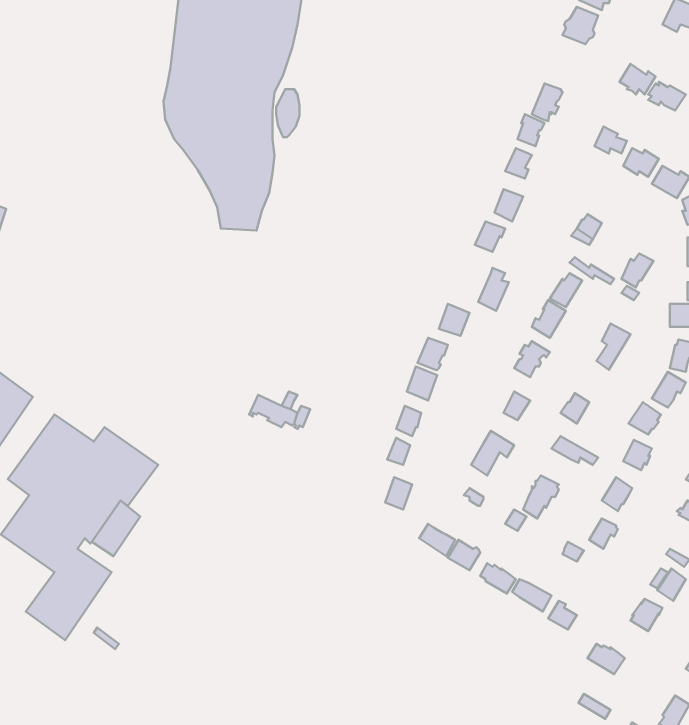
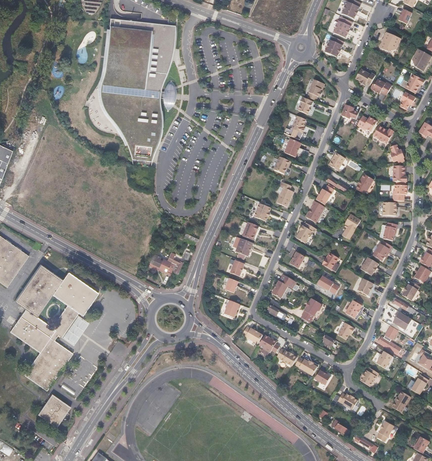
building: none -> [36,394,69,428]

